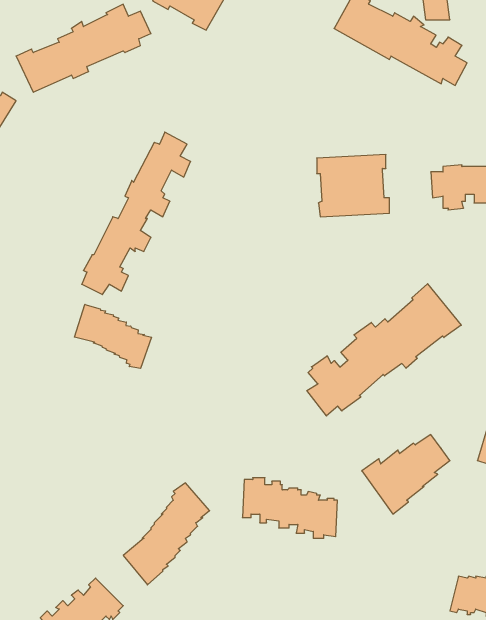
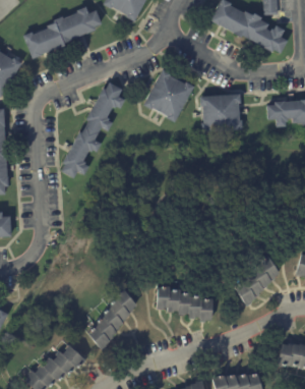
building: none -> [143,69,194,122]
building: [307,284,461,416] -> none
building: [74,304,152,368] -> none

